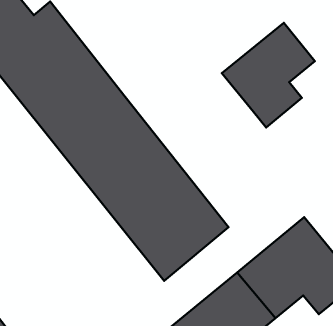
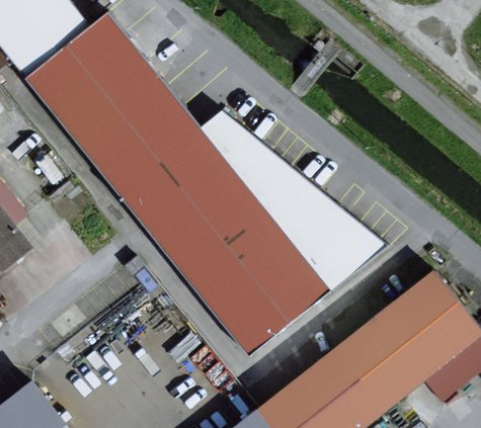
building: [222,23,315,127] -> none
building: none -> [202,112,385,289]

